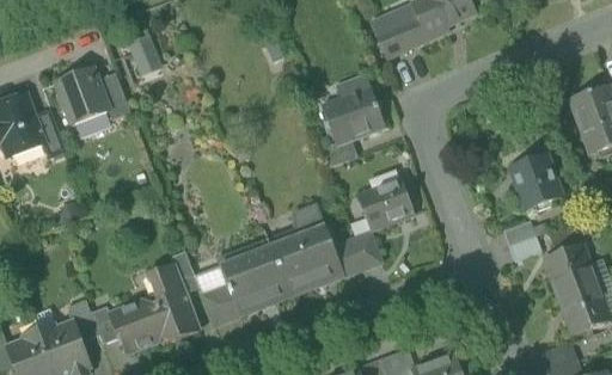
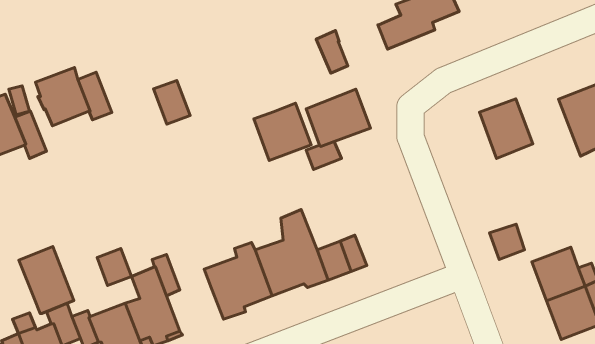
building: [371,14,402,56] -> [316,31,348,73]
building: [127,31,163,74] -> [154,80,190,124]
building: none -> [254,103,311,161]
building: [509,153,562,211] -> [479,99,533,158]
building: [359,179,412,229] -> none
building: none -> [19,247,74,314]
building: none -> [97,248,131,285]
building: [202,284,240,325] -> none

